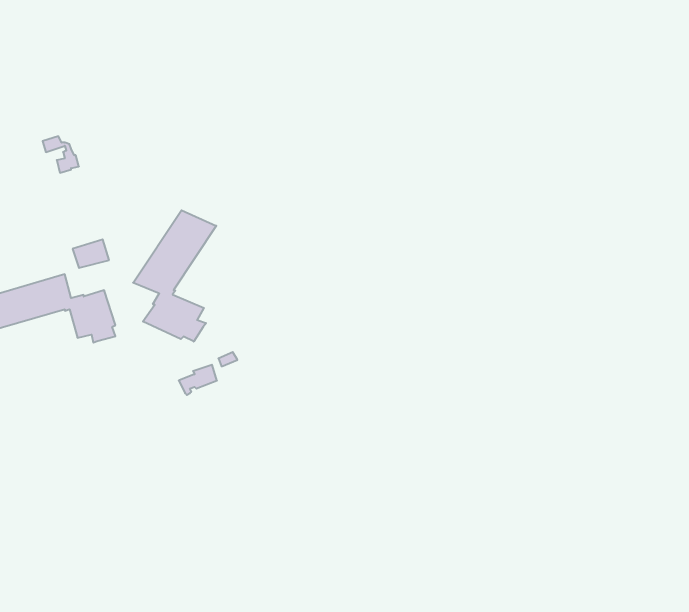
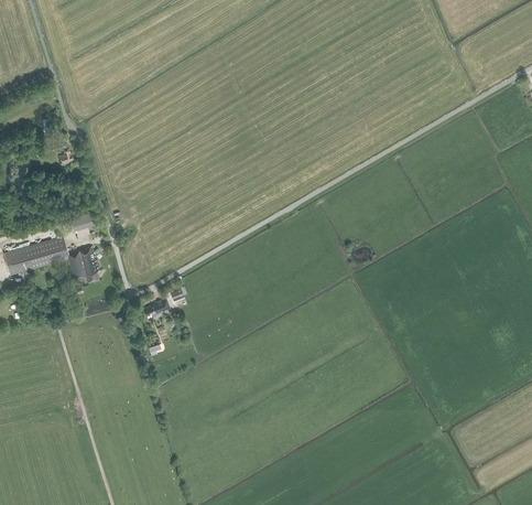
building: [133,210,216,342] -> none

